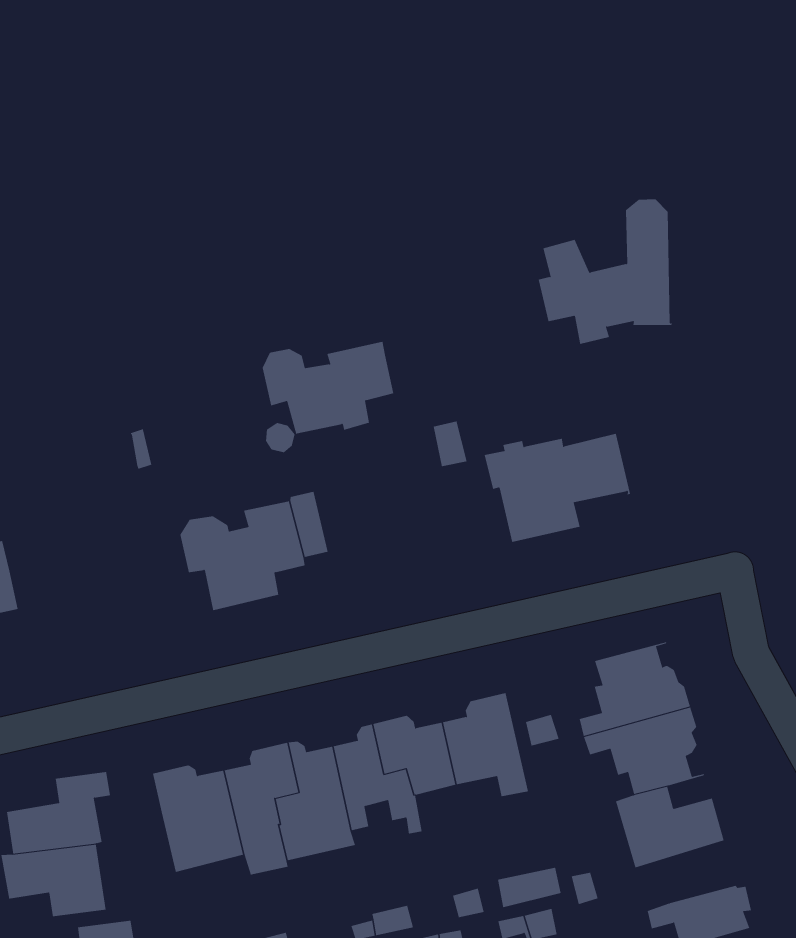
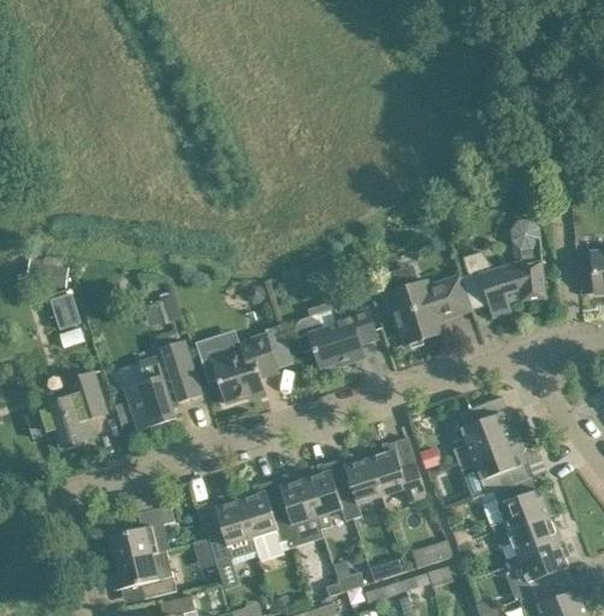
building: [538,199,672,344] -> [461,221,545,314]
building: [262,341,394,434] -> [295,307,377,368]
building: none -> [123,340,201,431]
building: none -> [495,515,557,556]

